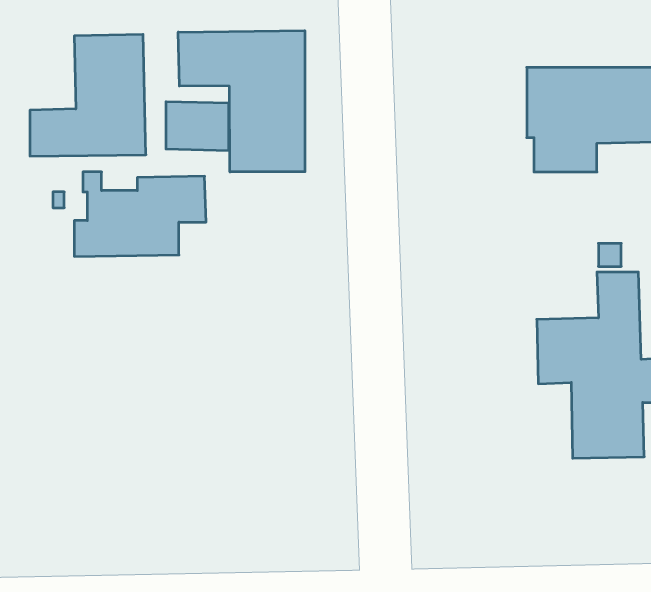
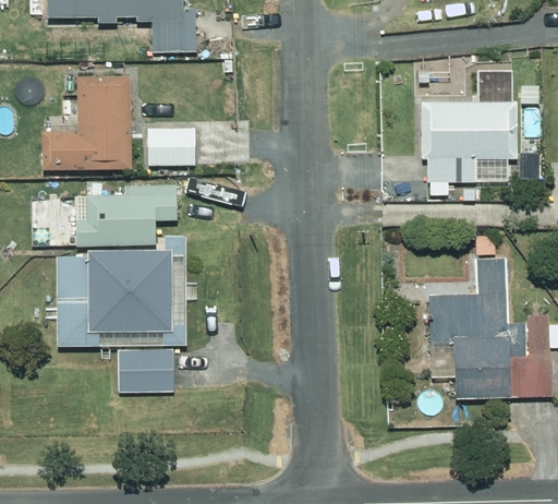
building: [178,31,305,172] -> none
building: none -> [57,250,174,346]
building: none -> [117,348,172,391]

